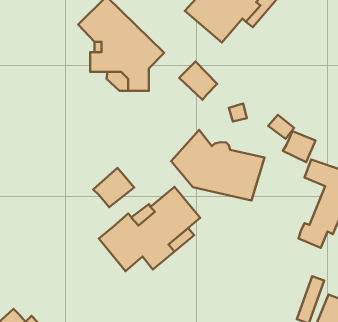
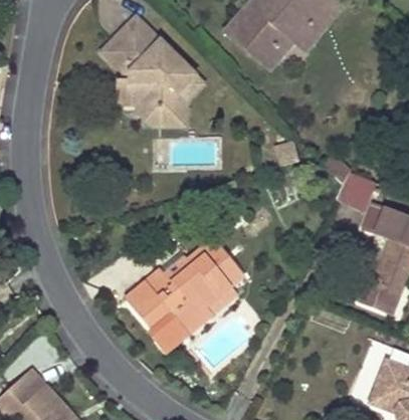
building: [179,61,217,100] -> none
building: [171,130,264,200] -> none
building: [93,168,134,207] -> none

